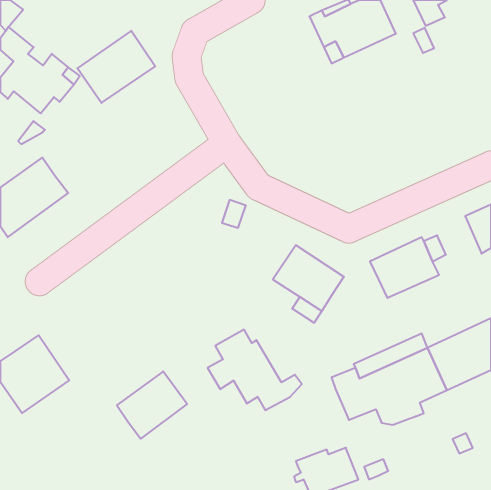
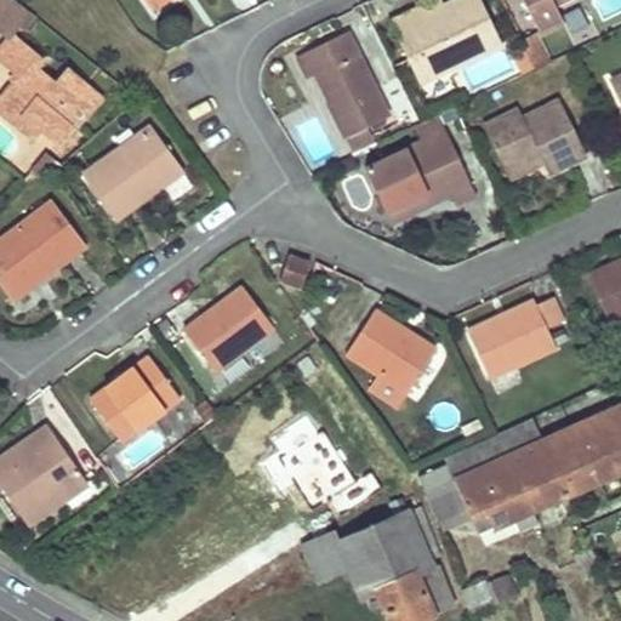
building: none -> [297,34,389,153]
building: [77,31,155,103] -> [85,126,183,217]
building: none -> [484,99,586,173]
building: none -> [365,123,477,215]
building: none -> [184,287,272,371]
building: [117,371,187,439] -> [90,357,178,441]
building: none -> [298,502,433,598]

